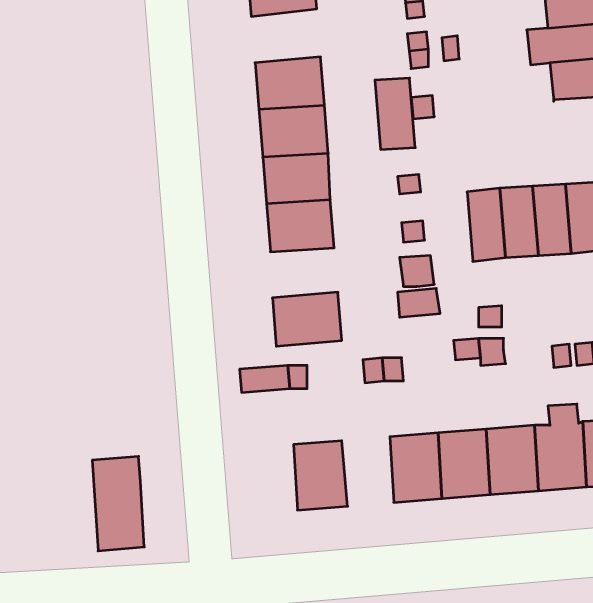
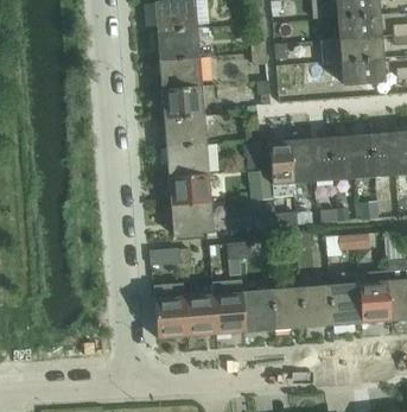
building: none -> [155,27,198,61]
building: [375,78,415,149] -> [267,140,292,184]
building: none -> [167,175,209,205]
building: none -> [210,279,243,334]
building: [92,456,144,551] -> [152,280,184,338]

